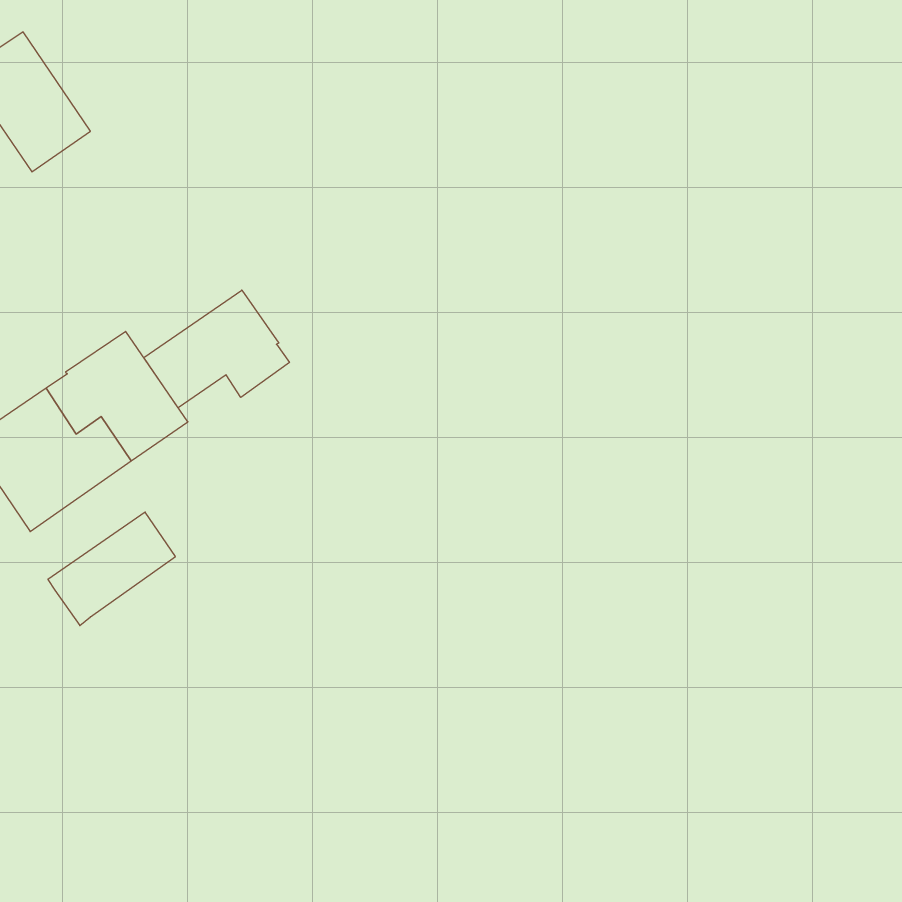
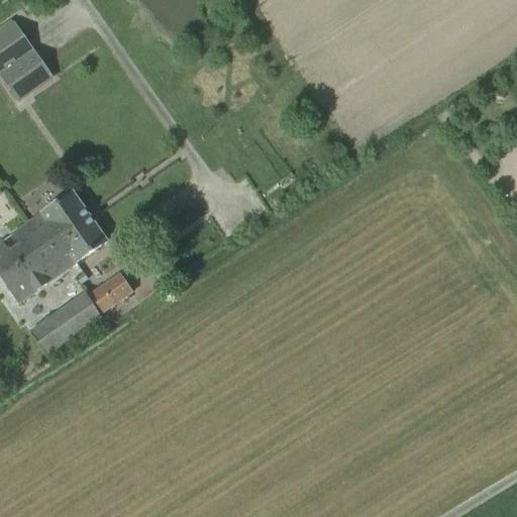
building: [144,290,289,408] -> none
building: none -> [85,272,132,314]

